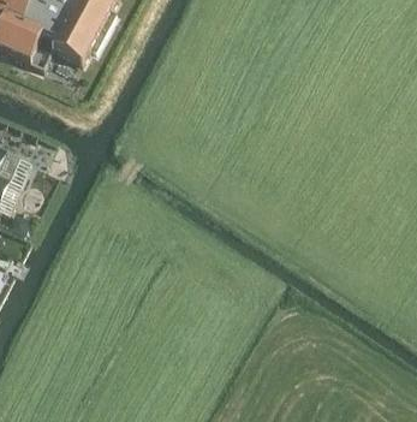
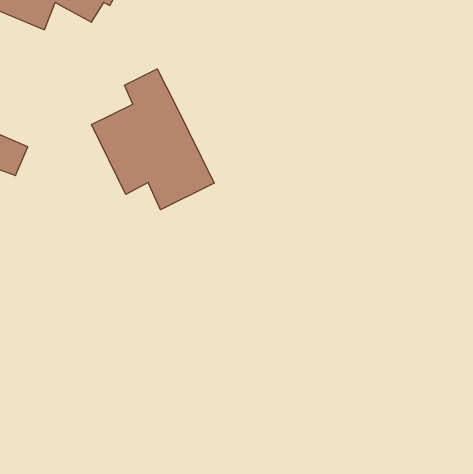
building: none -> [91,69,214,210]

